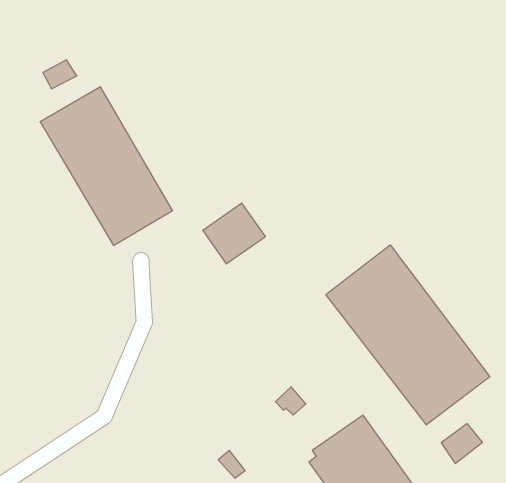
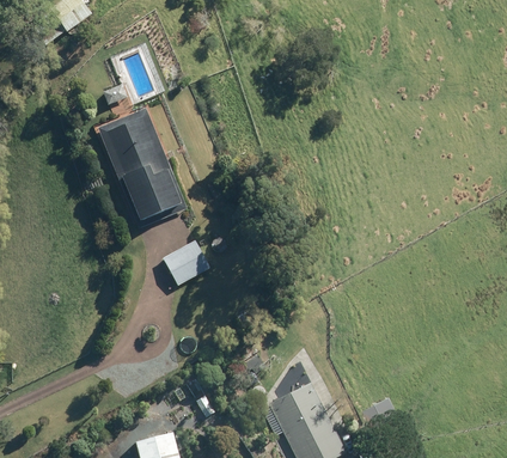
building: [203,203,265,264] -> [163,240,209,285]
building: [326,245,490,425] -> none

